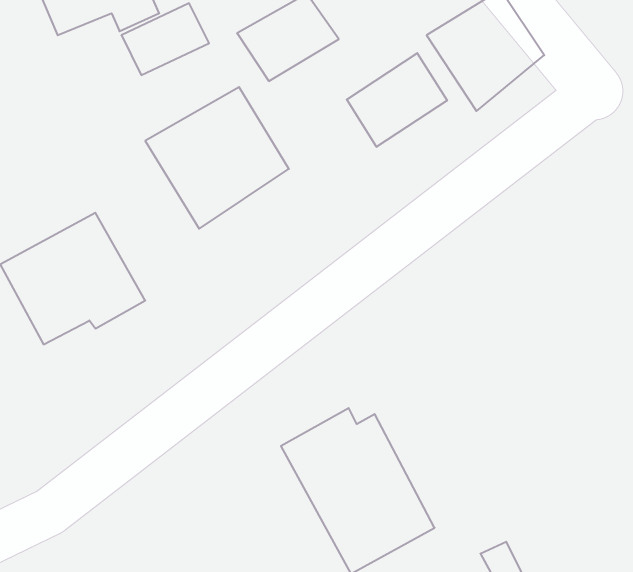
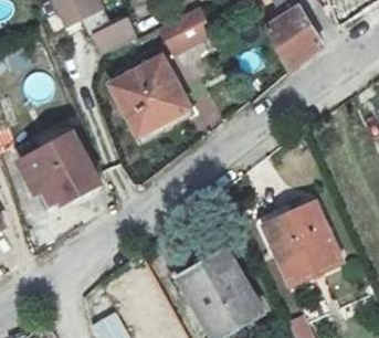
building: [347,53,447,147] -> none
building: none -> [267,197,344,281]

